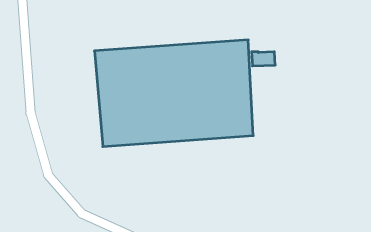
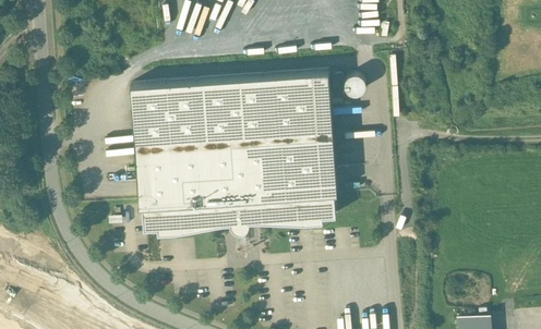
building: none -> [140,190,337,237]

